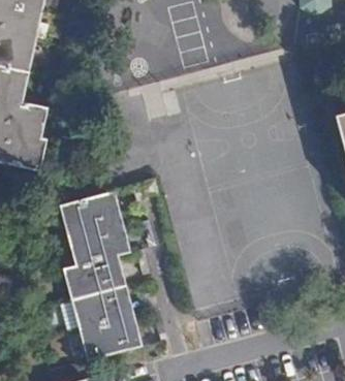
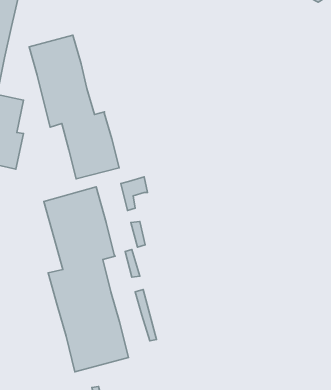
building: none -> [29,35,119,179]

